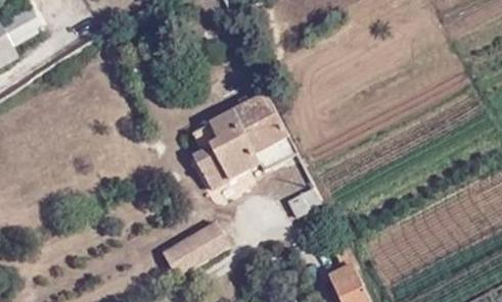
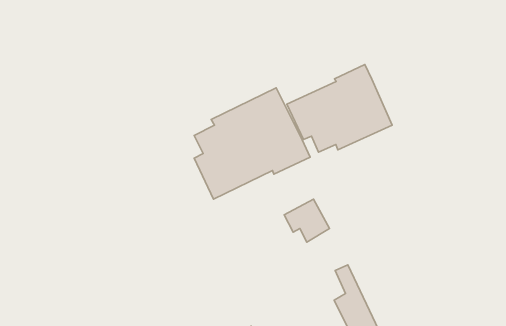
building: none -> [287,64,392,152]
building: [165,215,232,270] -> none

